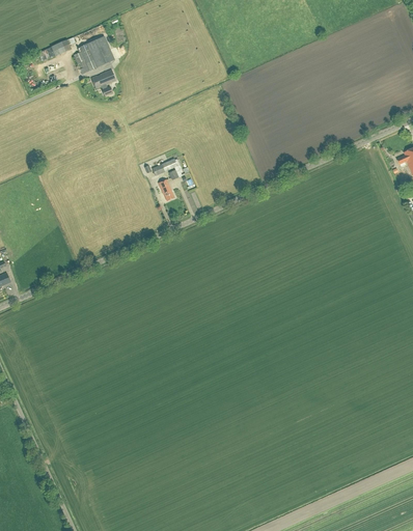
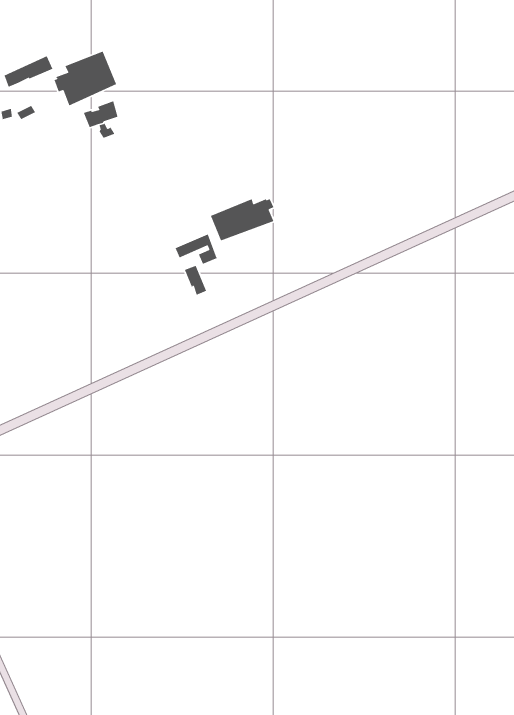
building: none -> [210,198,274,241]

